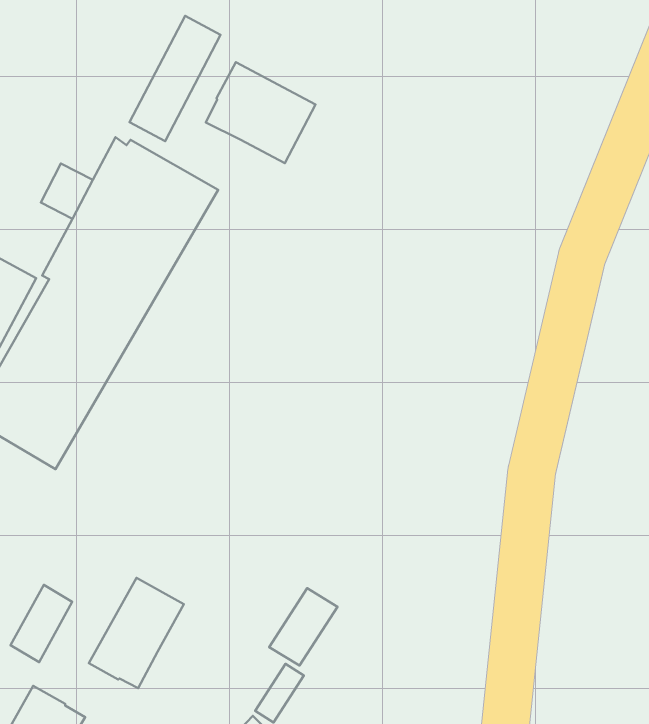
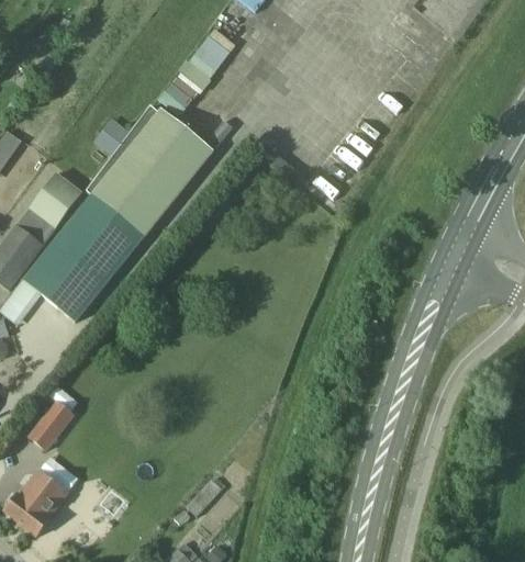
building: [206,62,316,163] -> none
building: [89,578,184,688] -> none
building: [269,588,337,665] -> none

